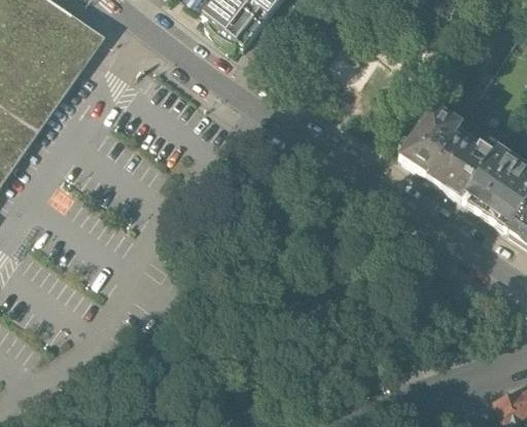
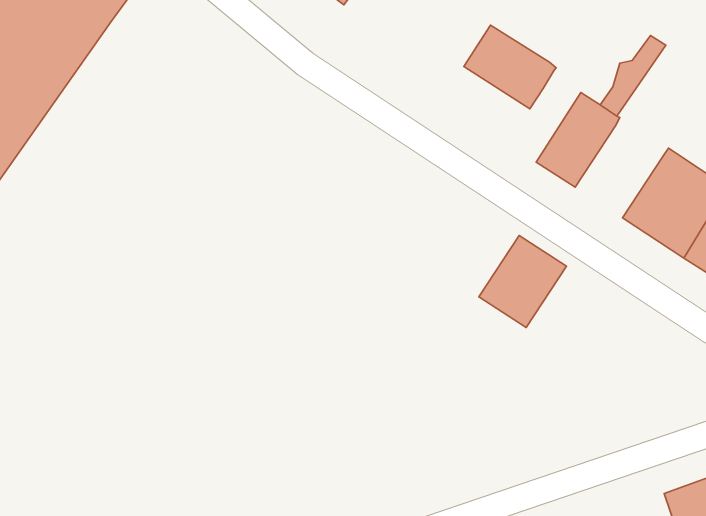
building: none -> [464,25,556,109]
building: [425,129,490,197] -> [479,236,567,327]

